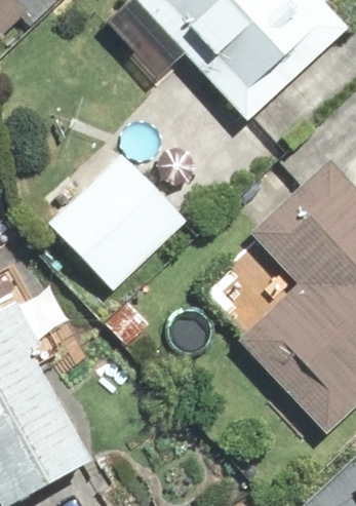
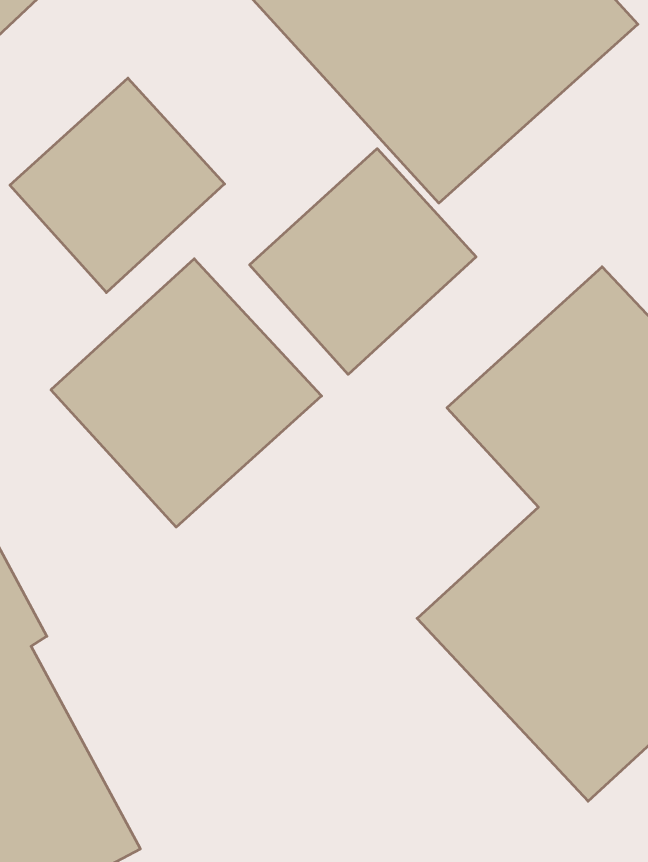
building: none -> [10,78,225,293]
building: none -> [250,149,476,374]

